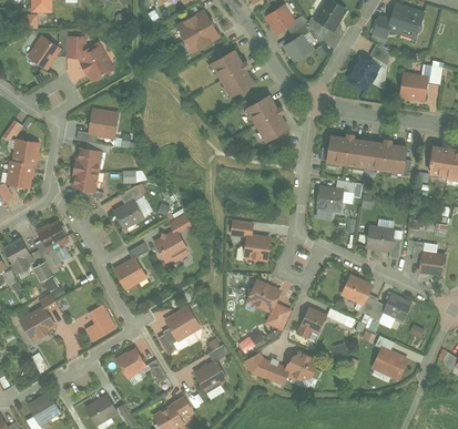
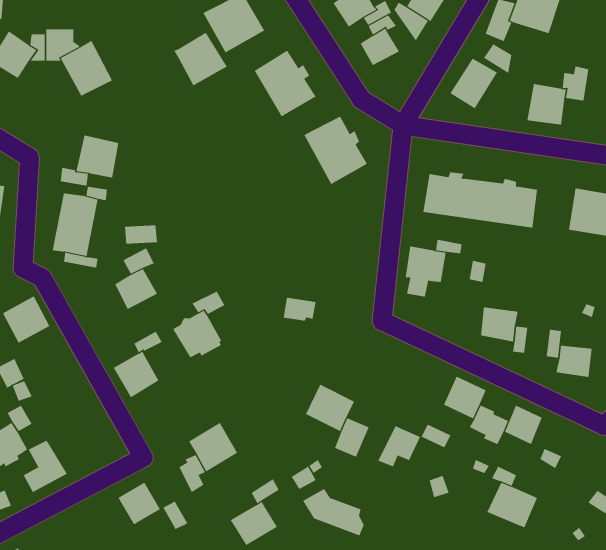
building: none -> [173,32,227,86]
building: [242,234,269,262] -> none
building: [85,305,116,341] -> [23,440,68,493]
building: [284,348,319,380] -> none

